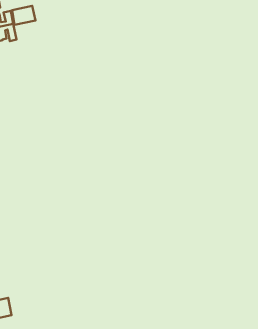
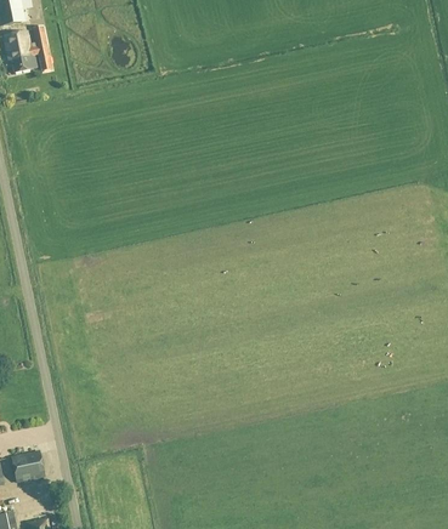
building: [12,6,36,25] -> none

